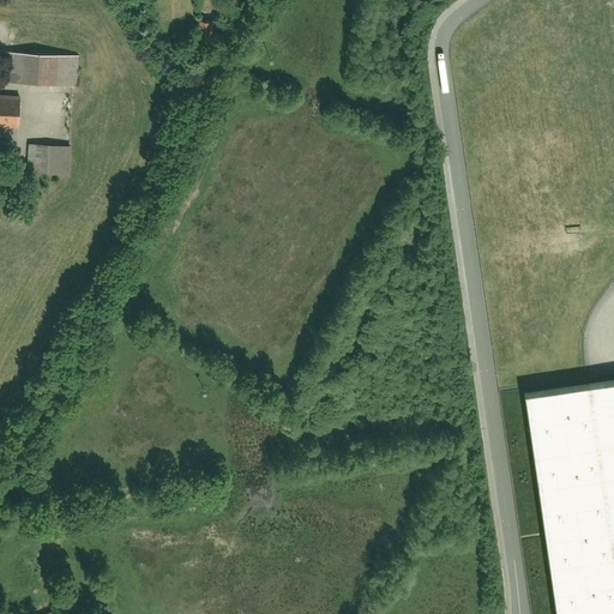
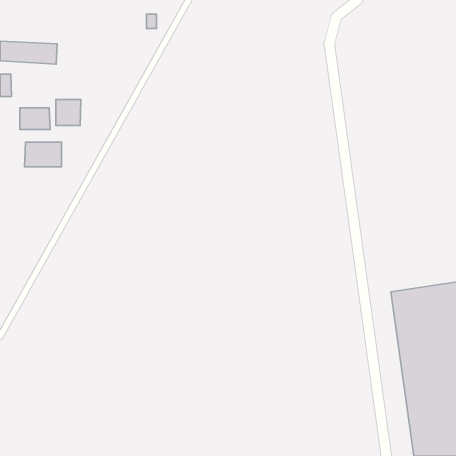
building: none -> [56,99,81,125]
building: none -> [25,142,62,167]

